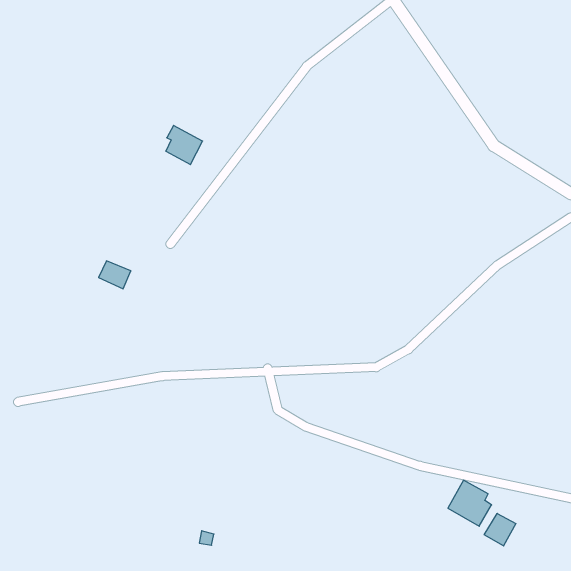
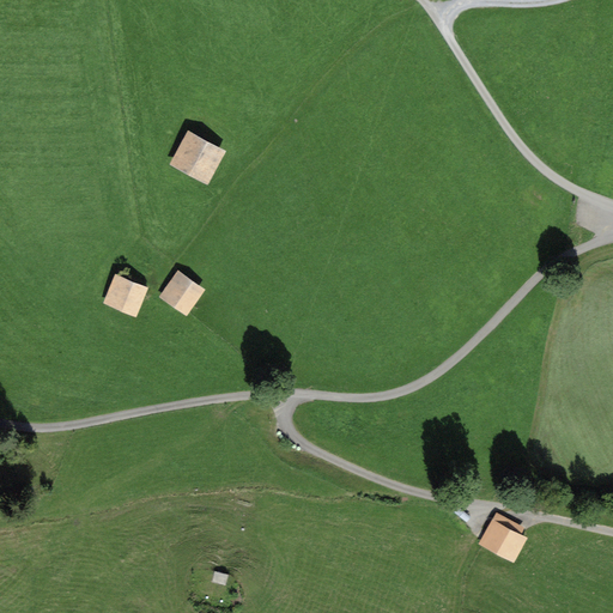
building: none -> [160,275,196,308]
building: [484,513,516,546] -> none

